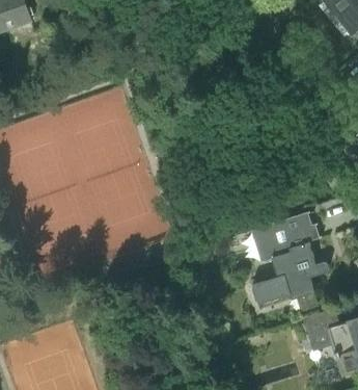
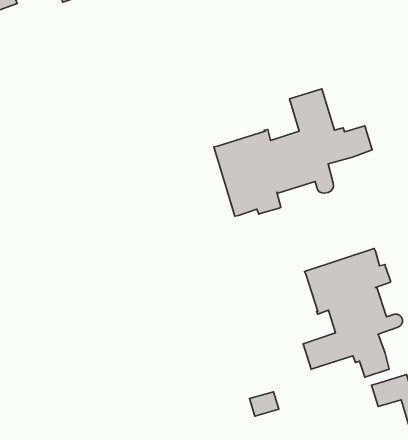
building: none -> [214,89,372,216]

